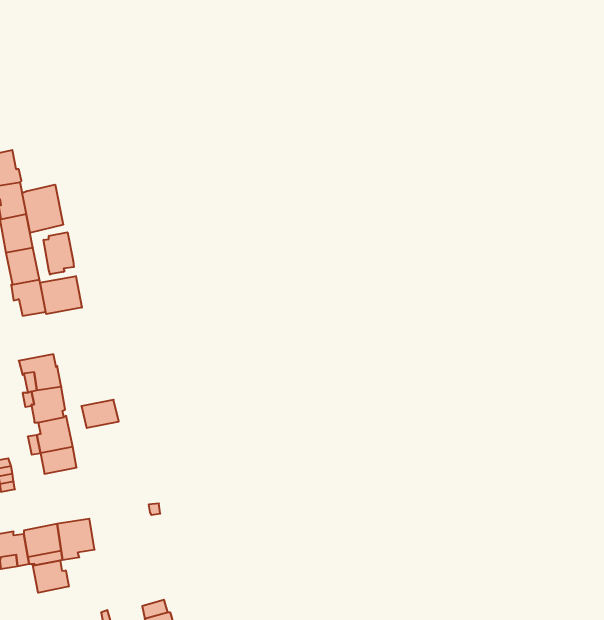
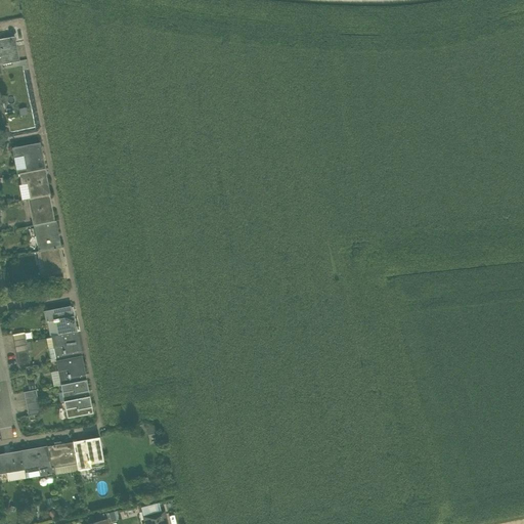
building: [22,185,63,233] -> none
building: [44,232,74,275] -> none
building: [40,276,82,314] -> none
building: [81,400,119,428] -> [63,395,93,418]
building: [33,560,69,593] -> none

